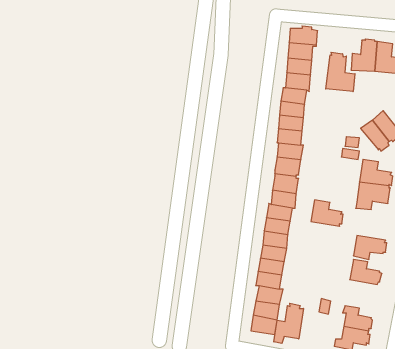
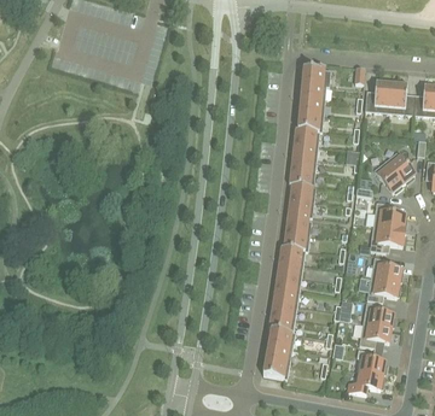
building: [326,52,355,92] -> none
building: [311,200,343,226] -> [371,256,404,282]
building: none -> [360,322,392,346]
building: [274,303,303,343] -> none

